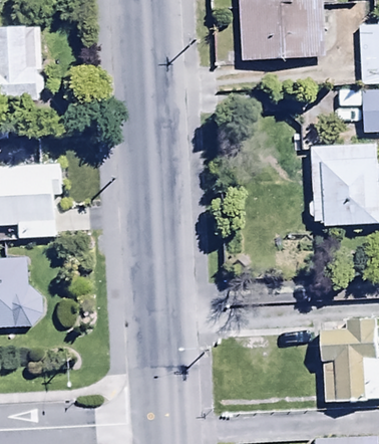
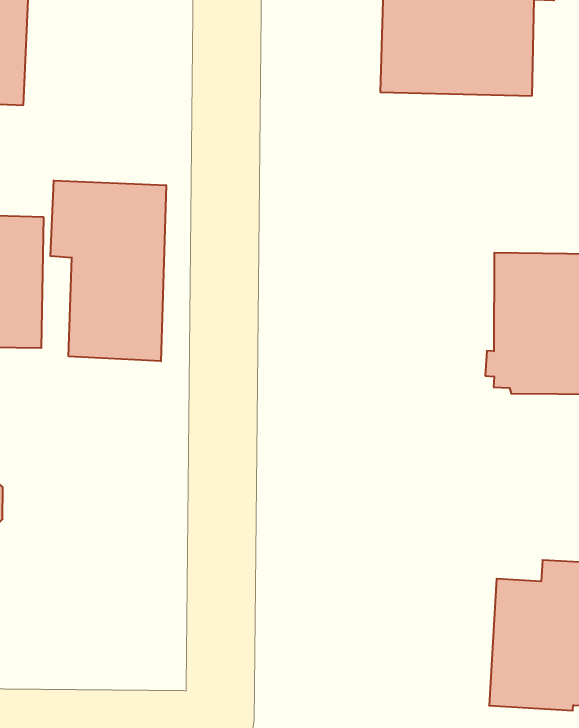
building: none -> [50,180,166,361]

